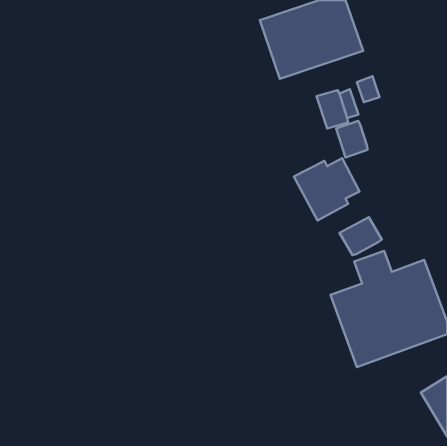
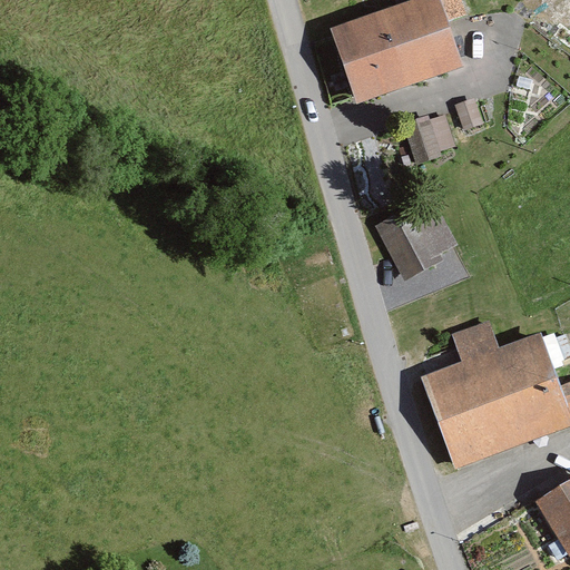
building: [336,121,368,157] -> none
building: [340,217,382,255] -> none

